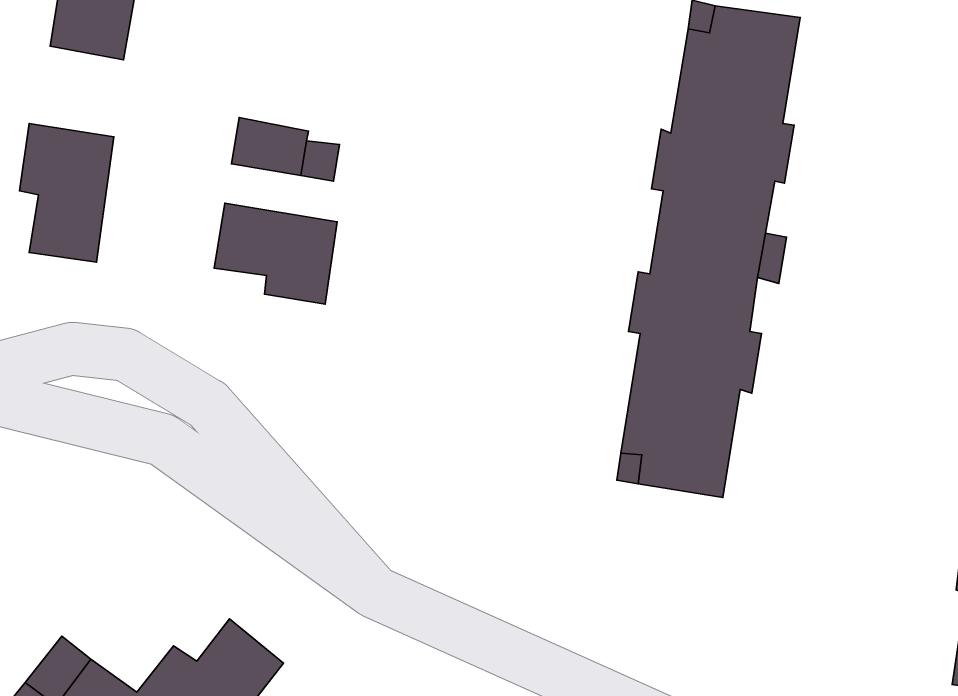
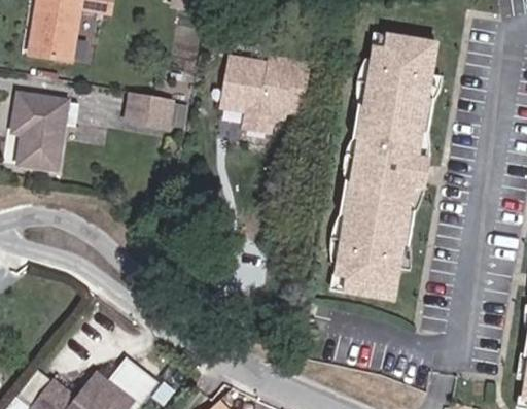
building: none -> [224,57,310,132]
building: [214,203,337,304] -> none

